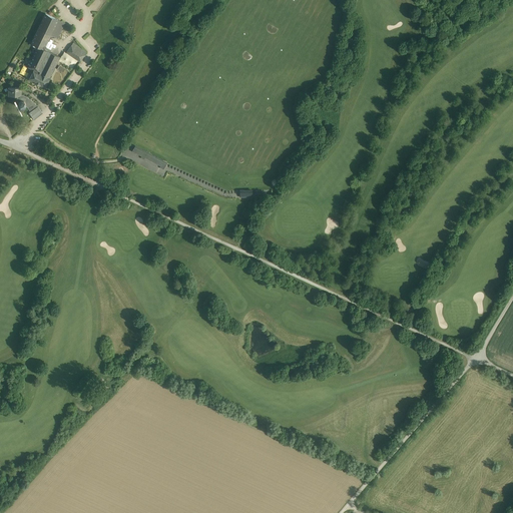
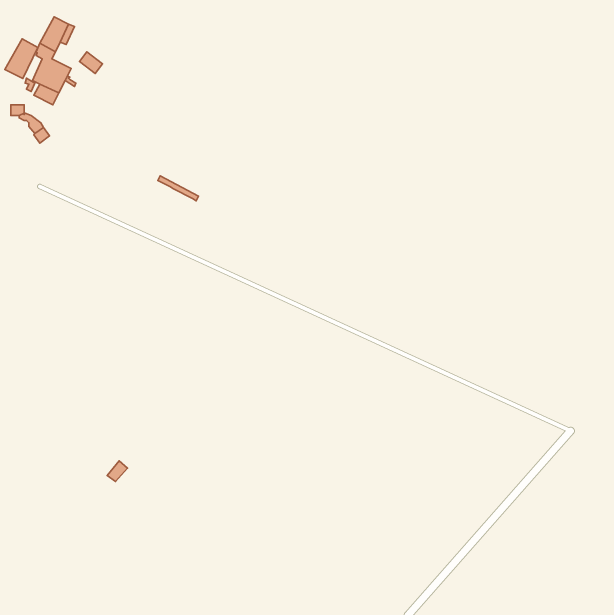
building: none -> [5,39,38,78]

